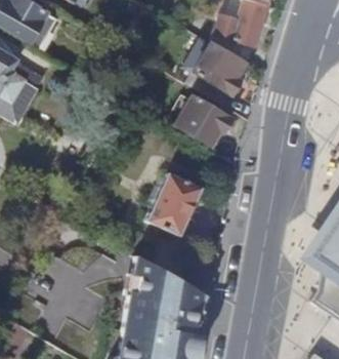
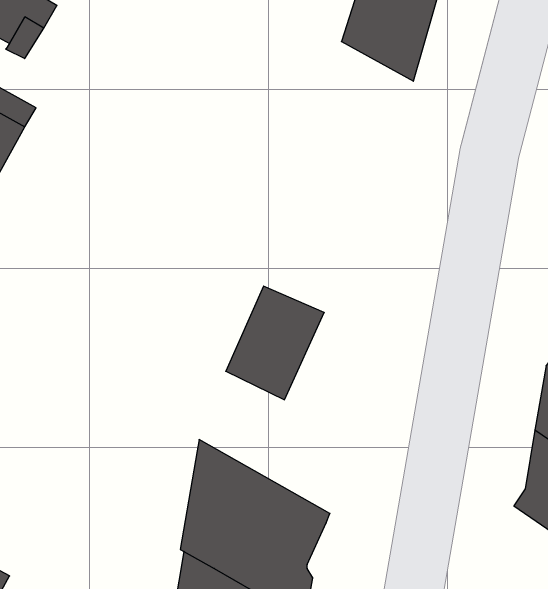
building: [187,42,246,104] -> none
building: [175,92,234,144] -> none

